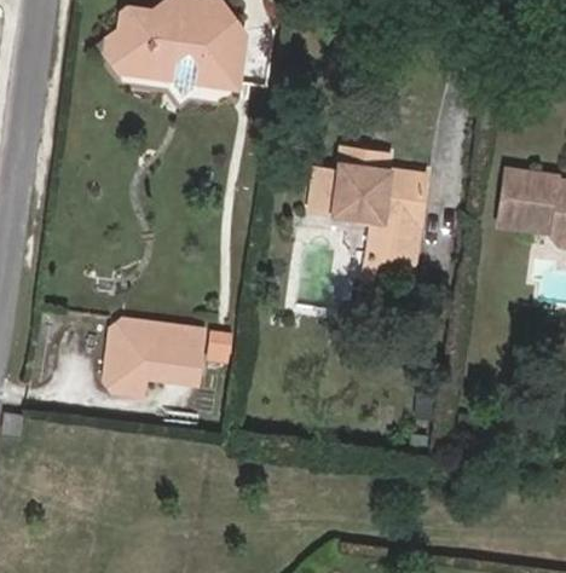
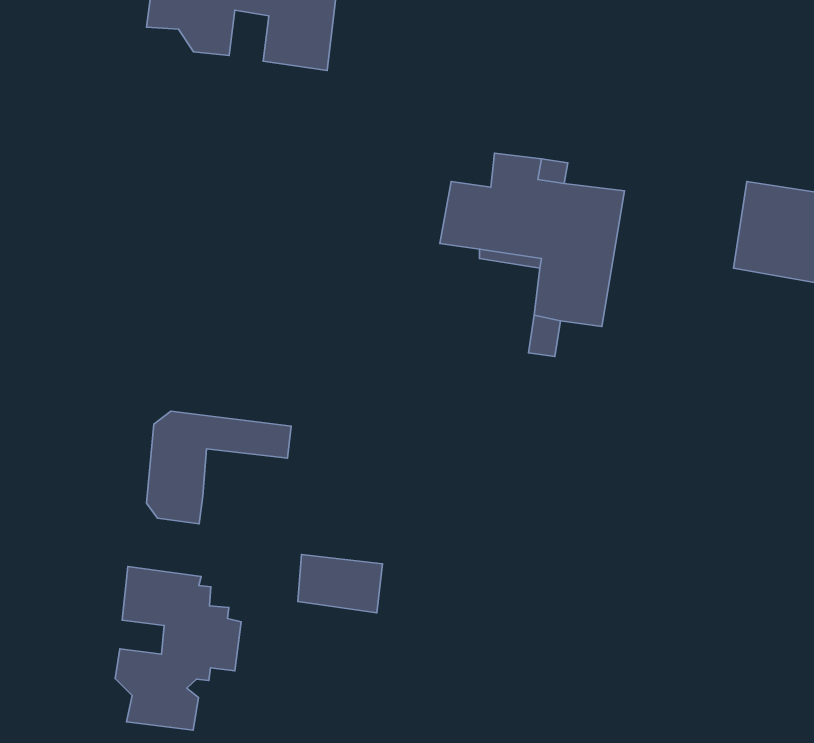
building: [156,340,210,377] -> [298,555,382,613]
building: none -> [115,566,241,730]

